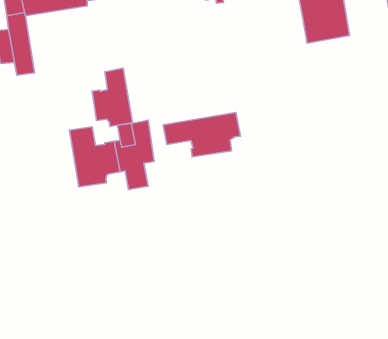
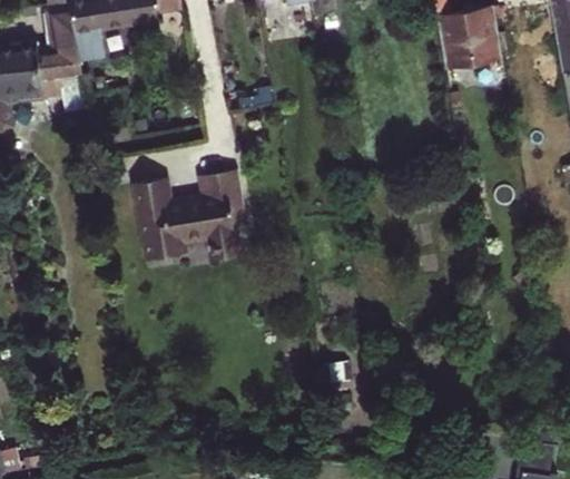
building: [92,68,133,127] -> none
building: [163,112,240,157] -> none

